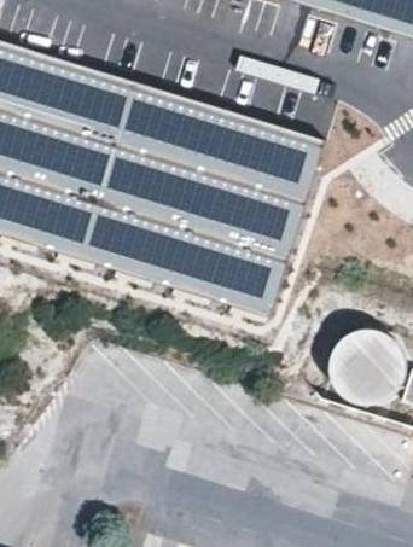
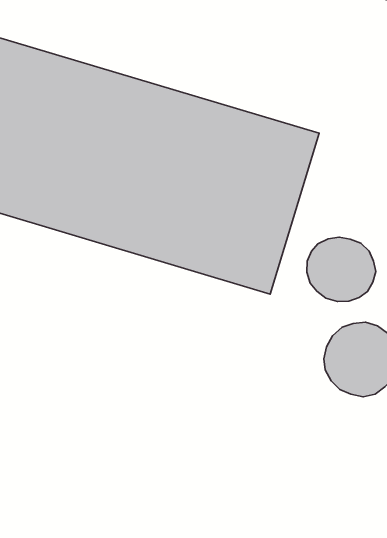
building: none -> [307,237,376,301]

